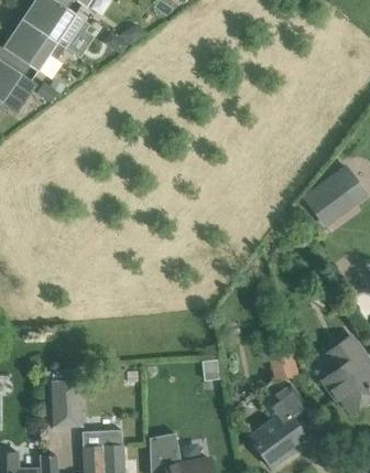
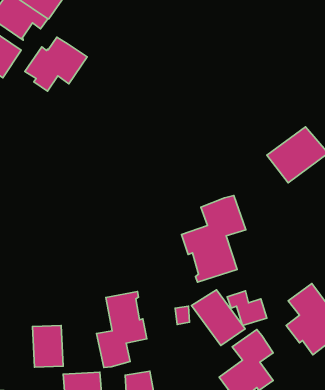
building: none -> [25,37,87,91]
building: none -> [181,195,246,282]
building: none -> [192,290,245,346]
building: none -> [97,291,147,368]

